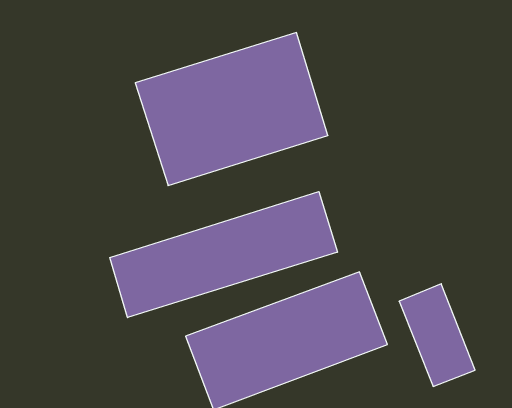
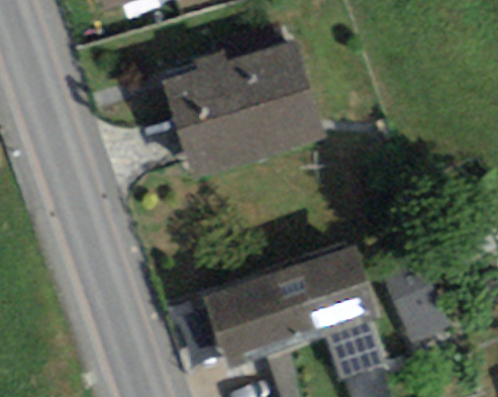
building: [110,192,337,318] -> none

